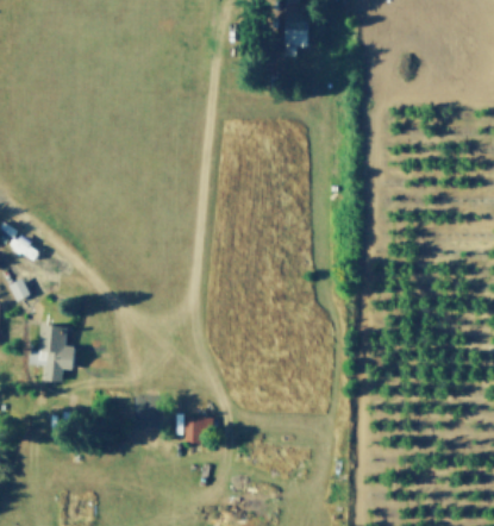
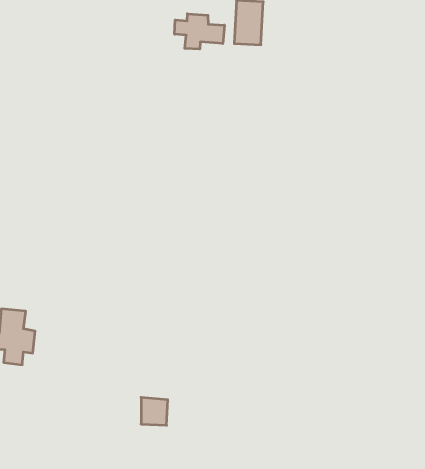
building: none -> [175,14,224,49]

